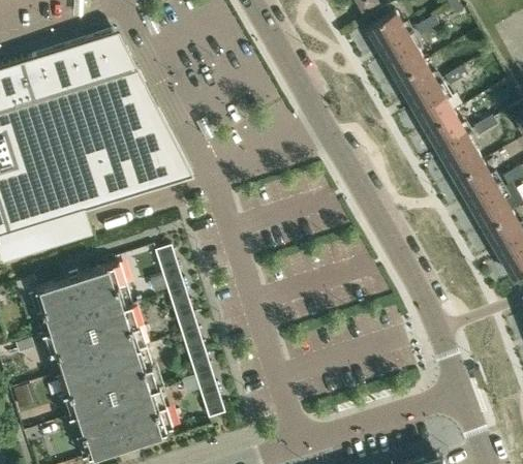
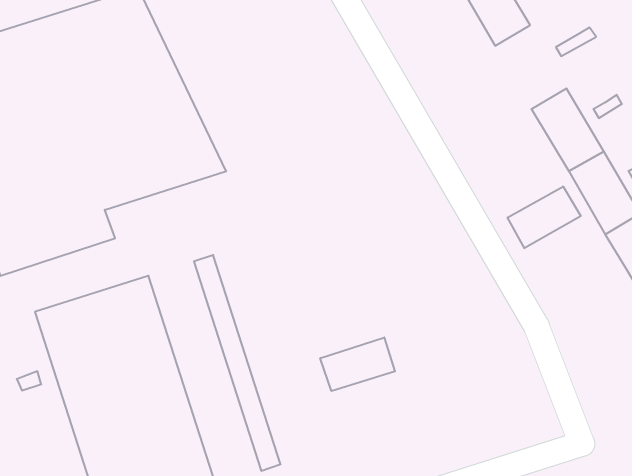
building: [398,62,455,129] -> none
building: none -> [508,186,581,248]
building: none -> [320,337,395,391]

